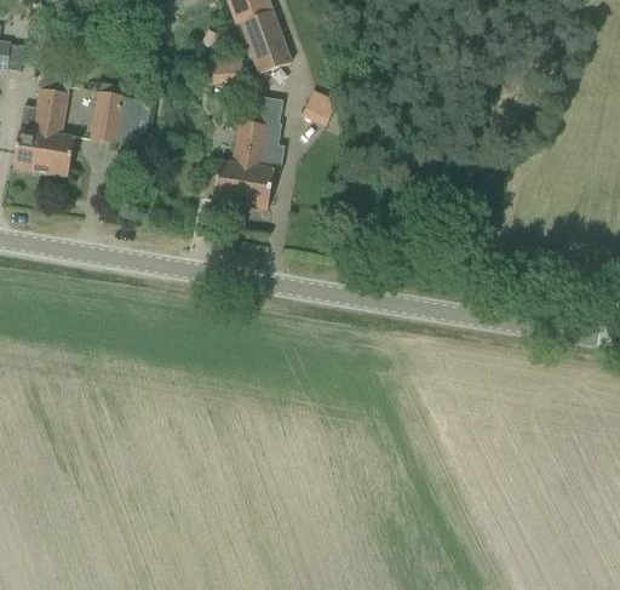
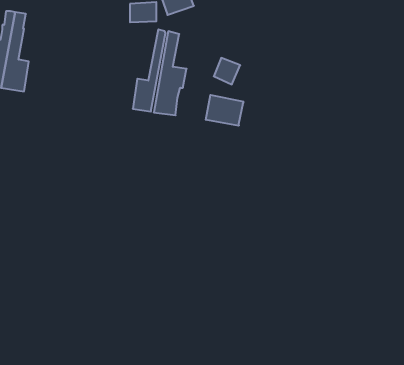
building: [91,81,153,147] -> none
building: [300,88,335,124] -> [214,58,240,84]
building: none -> [206,95,243,126]

